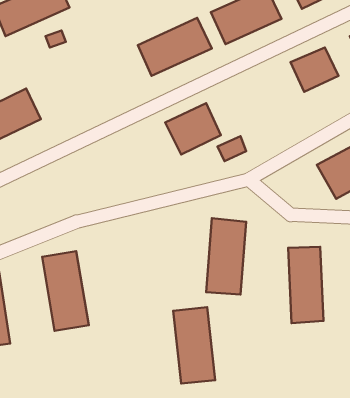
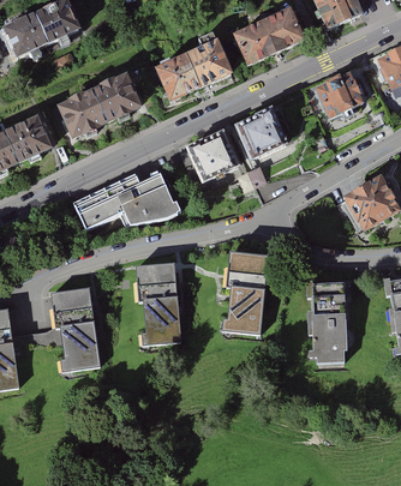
building: none -> [54,72,139,139]
building: none -> [232,107,287,160]
building: none -> [72,173,179,229]
building: [173,307,215,384] -> [137,262,181,342]

